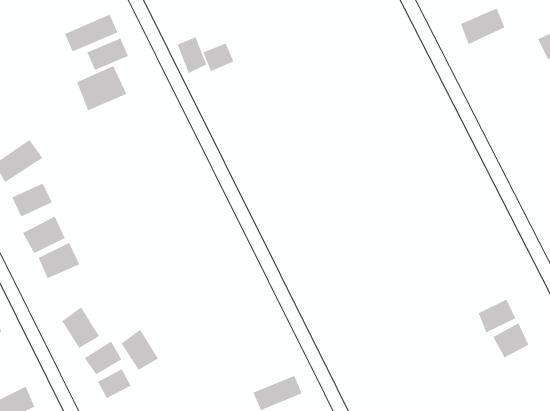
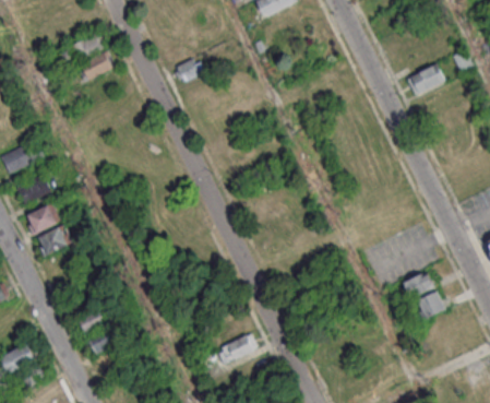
building: [460,8,505,45] -> [407,64,444,95]
building: [177,36,207,74] -> none
building: [76,65,127,111] -> none
building: [61,306,100,349] -> none
building: [121,329,159,371] -> none

